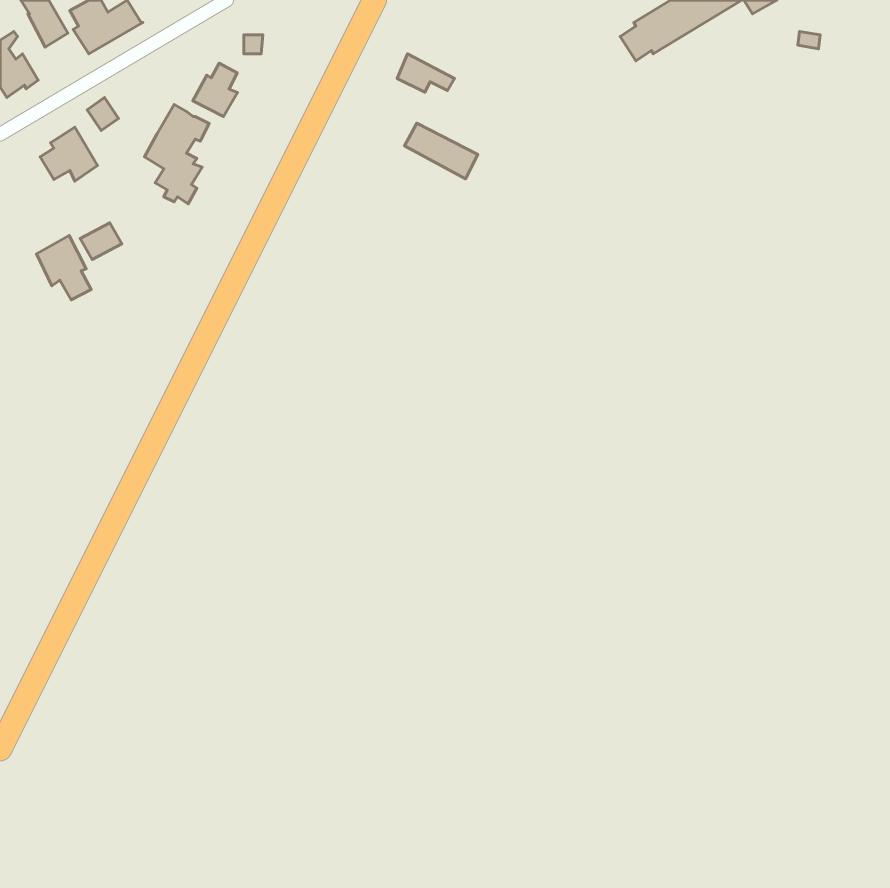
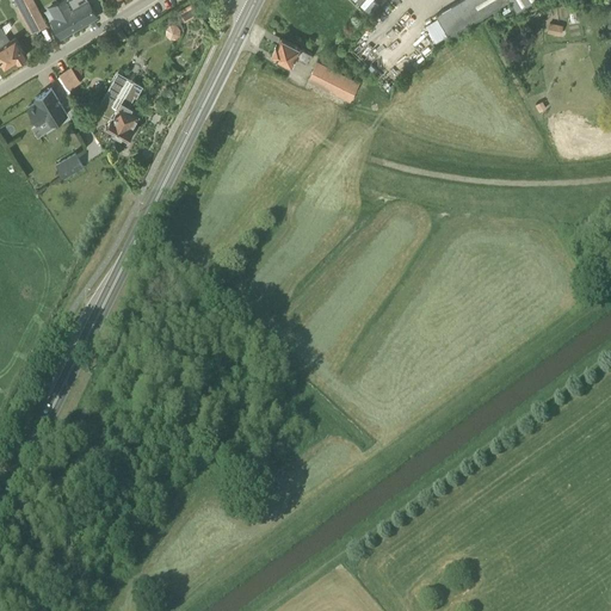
building: [193,63,238,117] -> none
building: [405,123,478,179] -> [309,63,359,101]
building: [37,236,91,300] -> none

